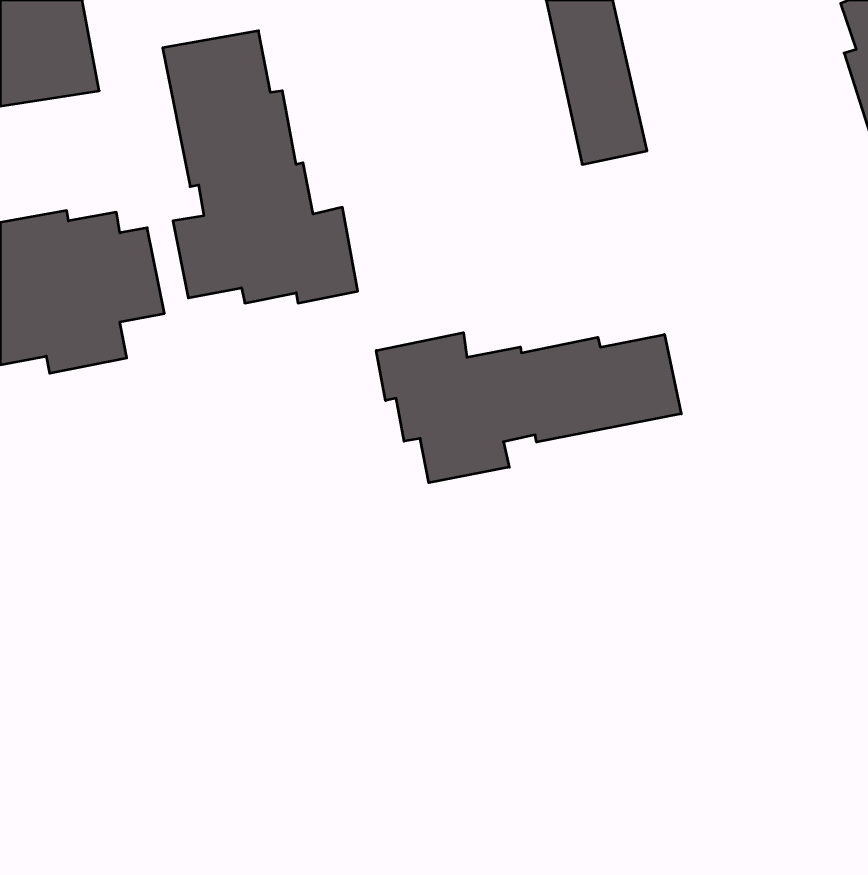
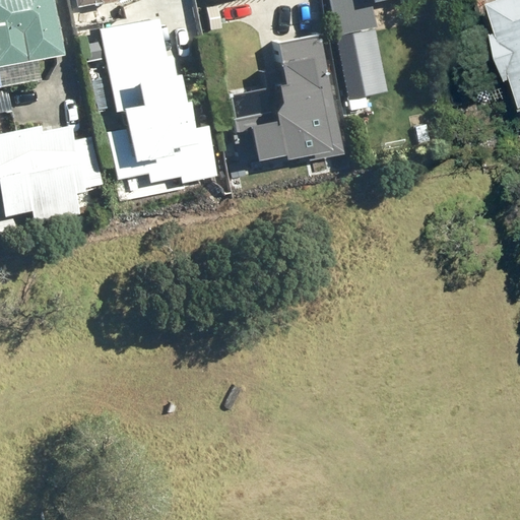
building: none -> [233,36,345,161]
building: [376,333,681,483] -> none

